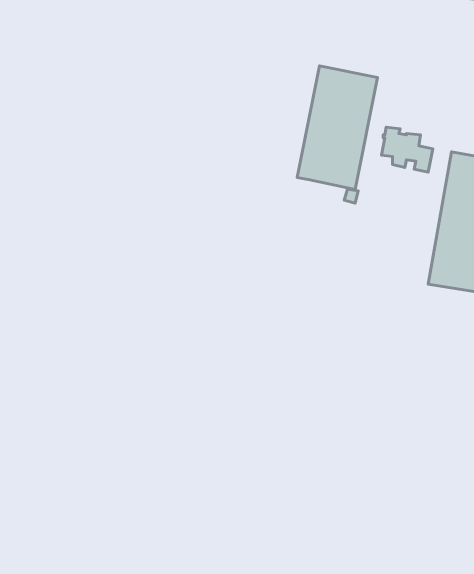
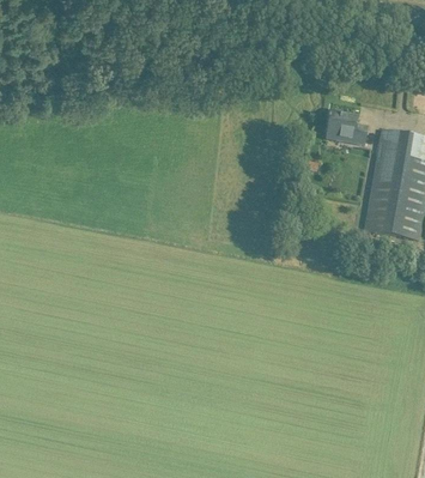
building: [297,66,378,189] -> none

